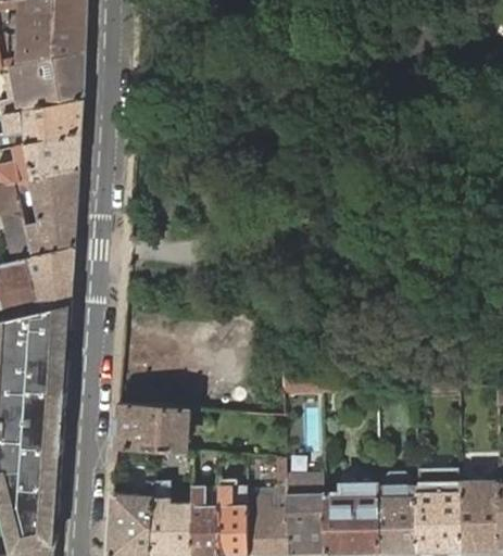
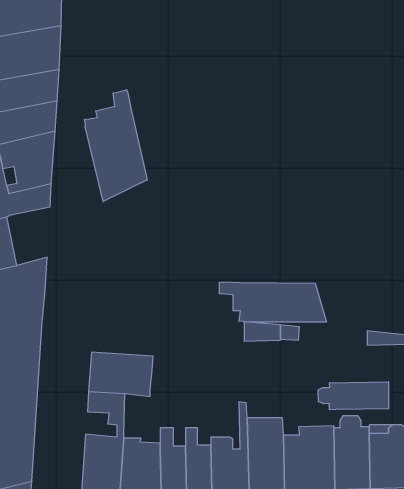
building: none -> [85,90,147,202]
building: [25,250,72,313] -> none
building: none -> [219,282,326,322]
building: none -> [318,382,389,410]

